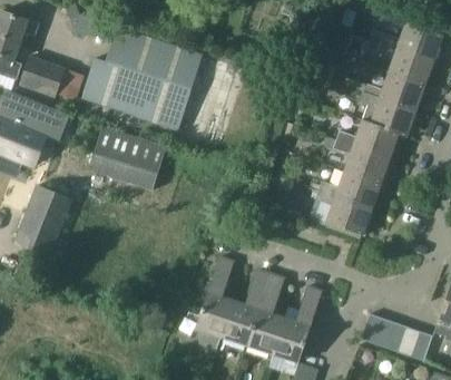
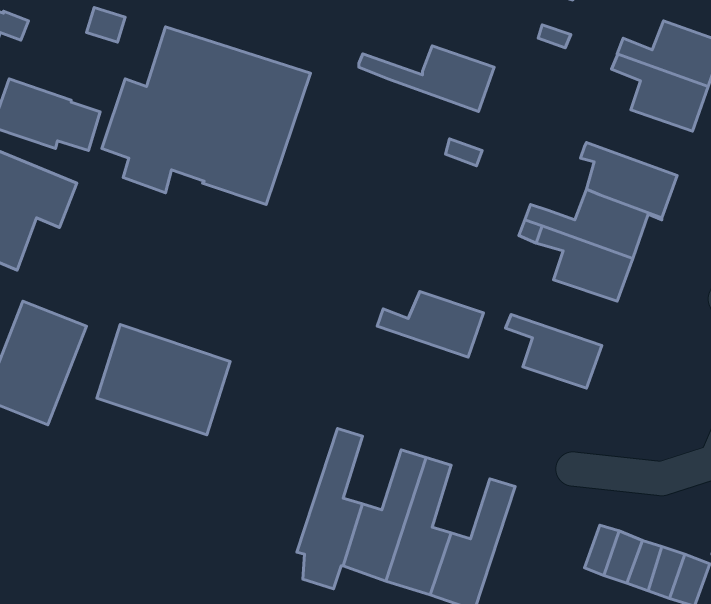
building: [345,74,423,111] -> [359,46,494,112]
building: [88,128,165,192] -> [97,325,230,435]
building: [318,172,380,210] -> [377,291,483,357]

